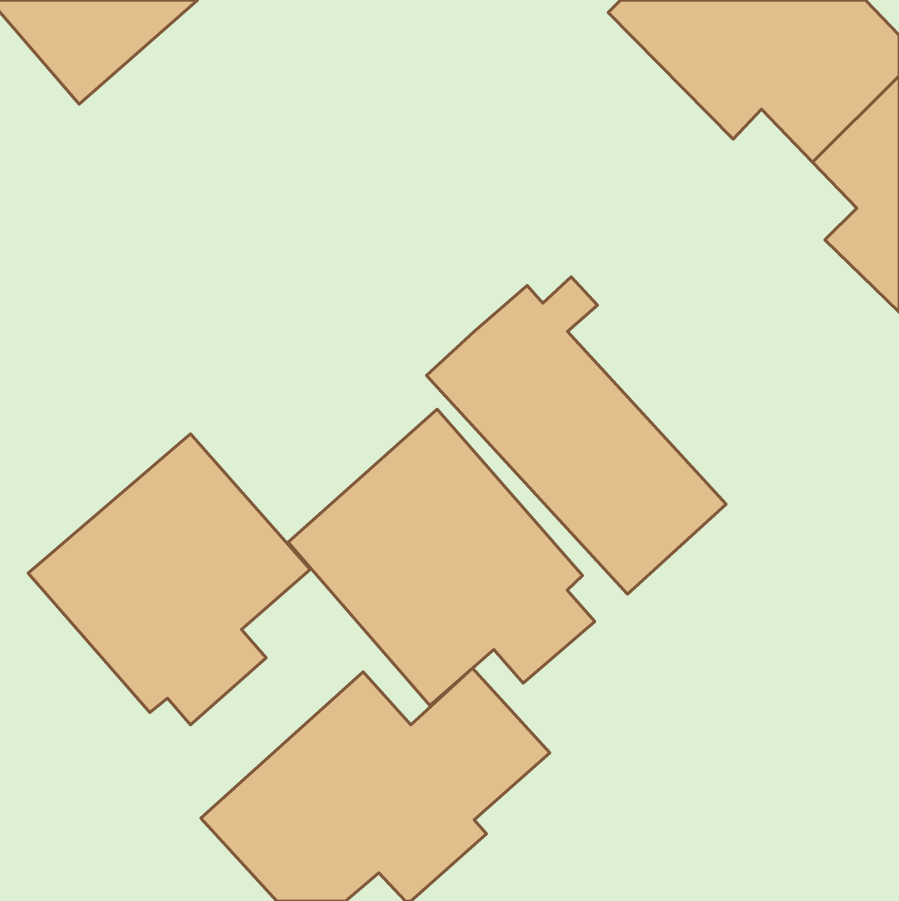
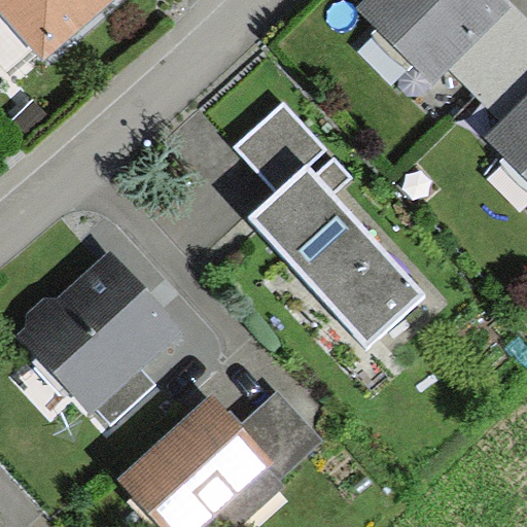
building: none -> [236,104,324,194]
building: [288,409,595,706] -> none

